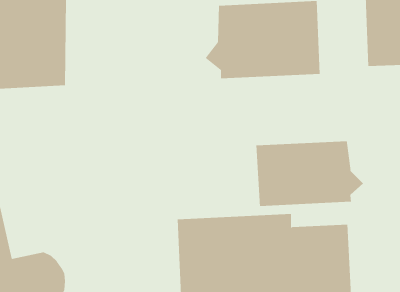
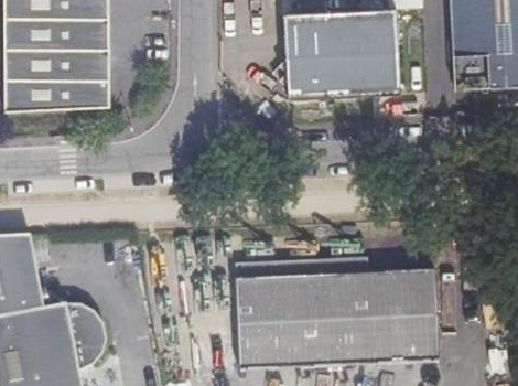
building: [256,140,364,207] -> none

